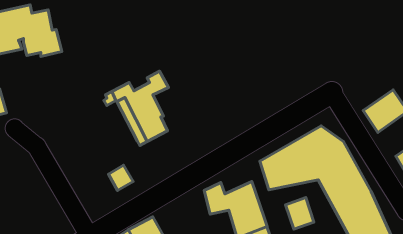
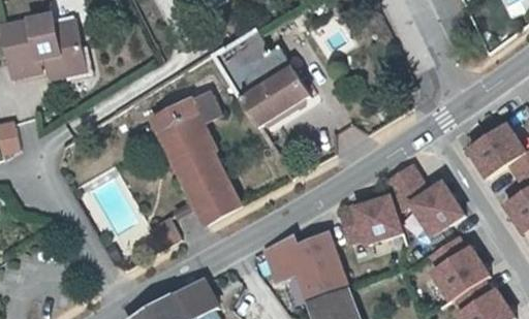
building: none -> [213,30,310,128]
building: none -> [188,173,242,227]
building: [286,197,314,229] -> none

